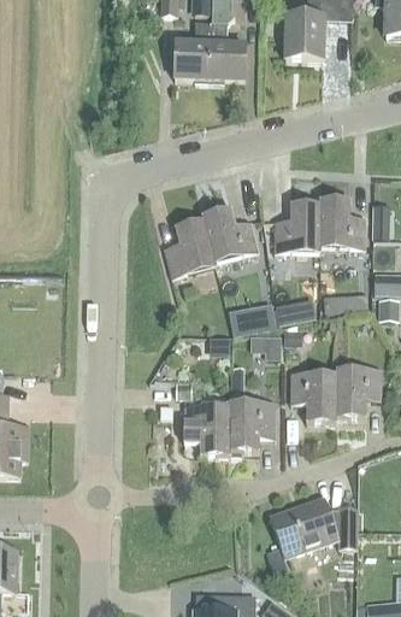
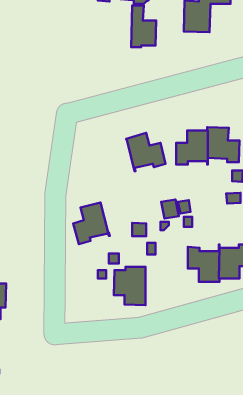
building: [173,20,210,82] -> none
building: [163,218,216,278] -> [73,203,110,244]
building: [229,400,275,456] -> none
building: [269,498,356,556] -> none

